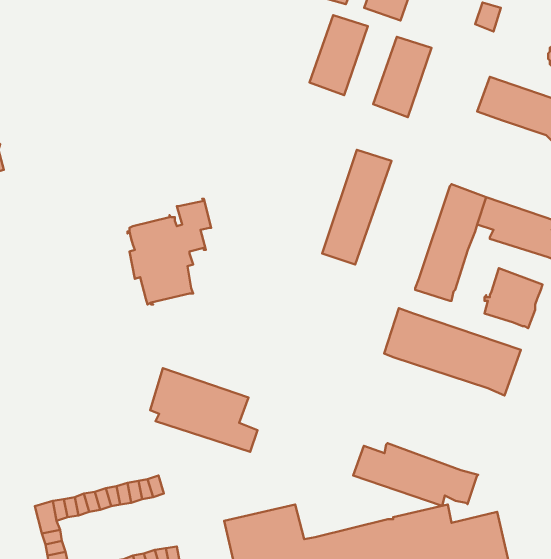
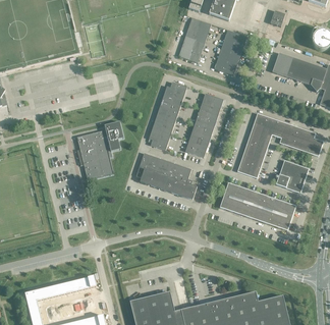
building: none -> [147,82,186,150]
building: [150,368,257,452] -> [135,152,196,199]
building: [353,443,478,506] -> none

